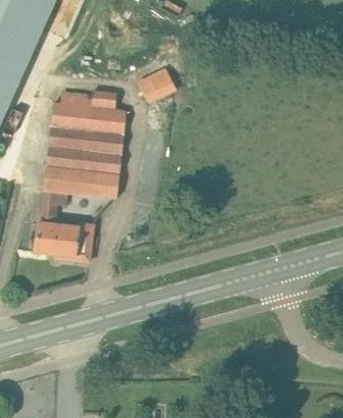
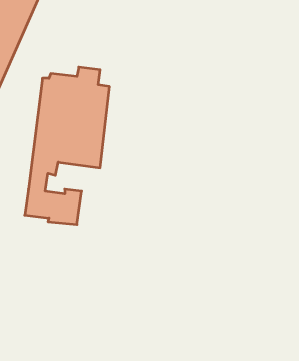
building: [138,68,179,106] -> none

